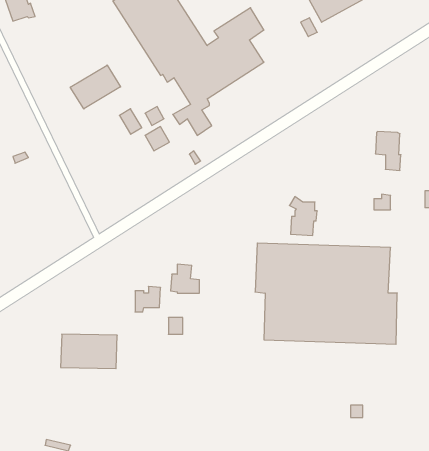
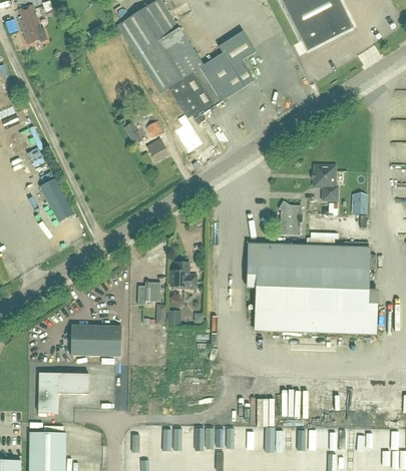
building: [70,65,121,109] -> none
building: [375,132,401,170] -> [313,166,336,201]
building: none -> [39,176,73,220]
building: none -> [38,372,88,412]

